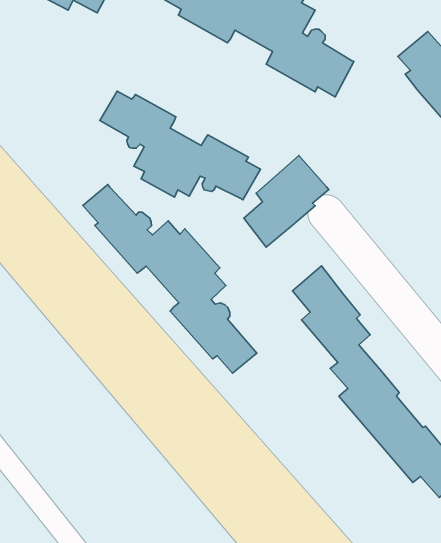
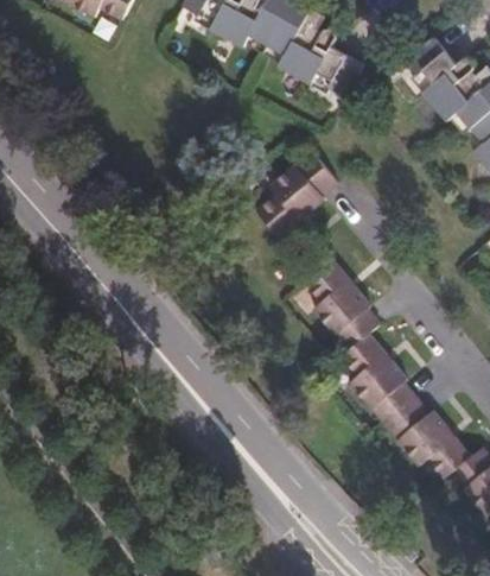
building: [100,91,260,200] -> none
building: [83,185,257,373] -> none

